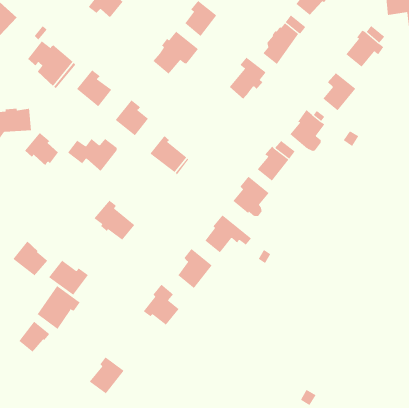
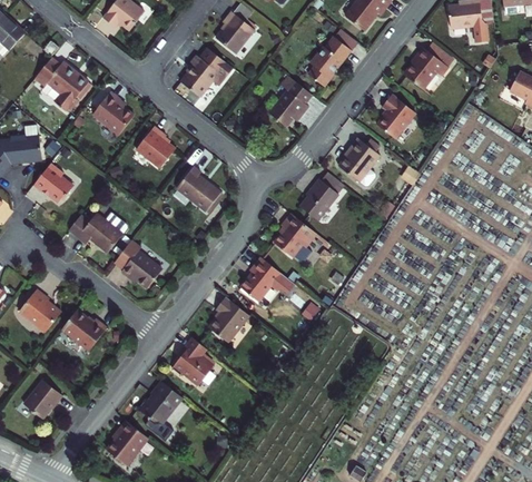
building: [67,138,117,172] -> [68,214,126,253]
building: [37,285,81,330] -> none
building: none -> [137,382,181,425]

